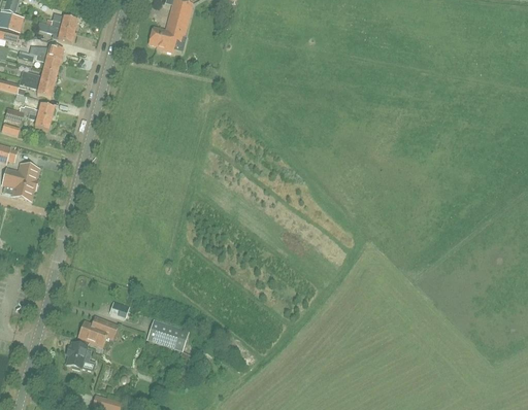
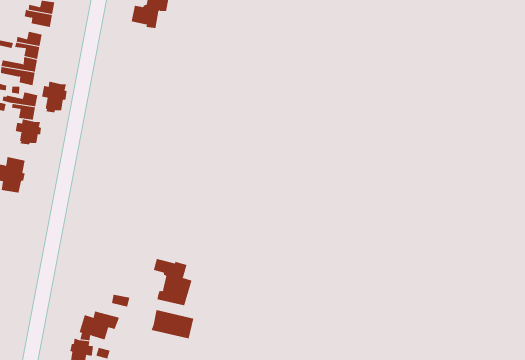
building: none -> [42,81,67,113]
building: none -> [15,119,42,145]
building: none -> [153,258,192,306]

